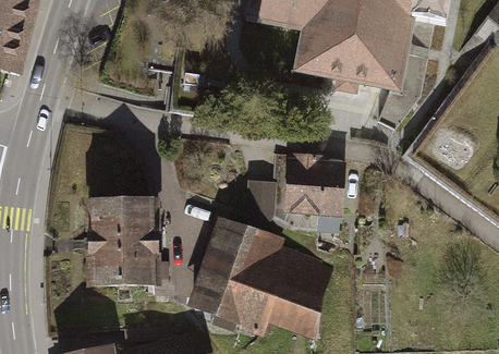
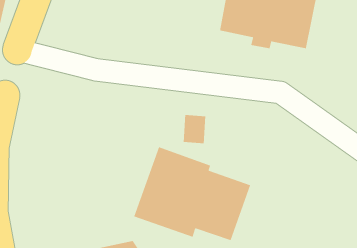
building: [283,152,342,233] -> none
building: [87,197,156,281] -> none

